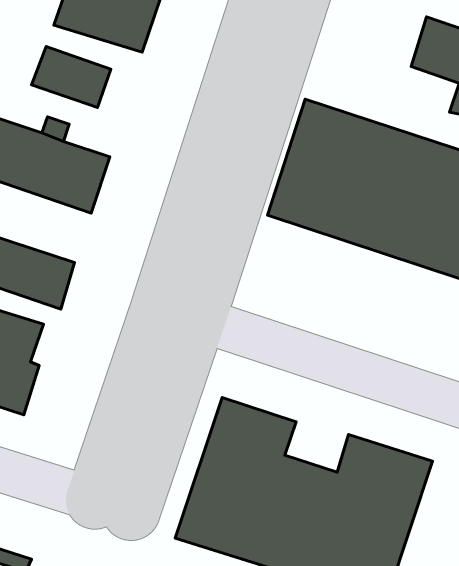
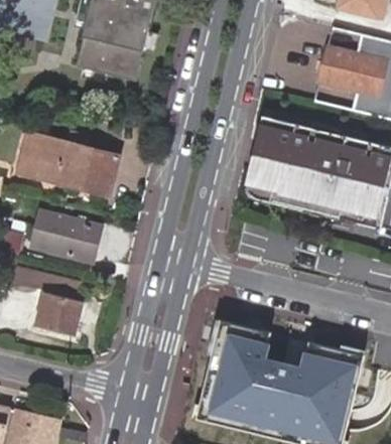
building: [31,46,111,107] -> none

